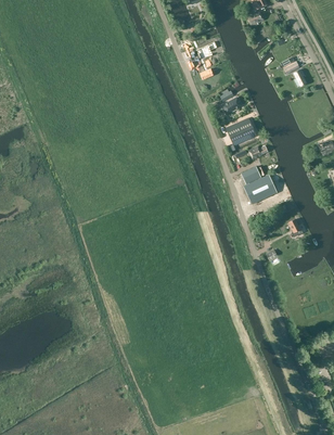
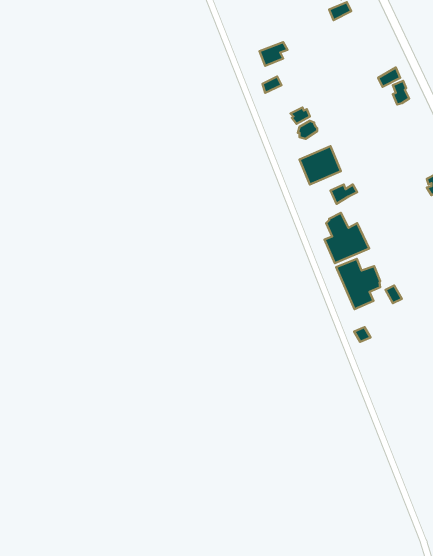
building: none -> [336,259,380,309]

